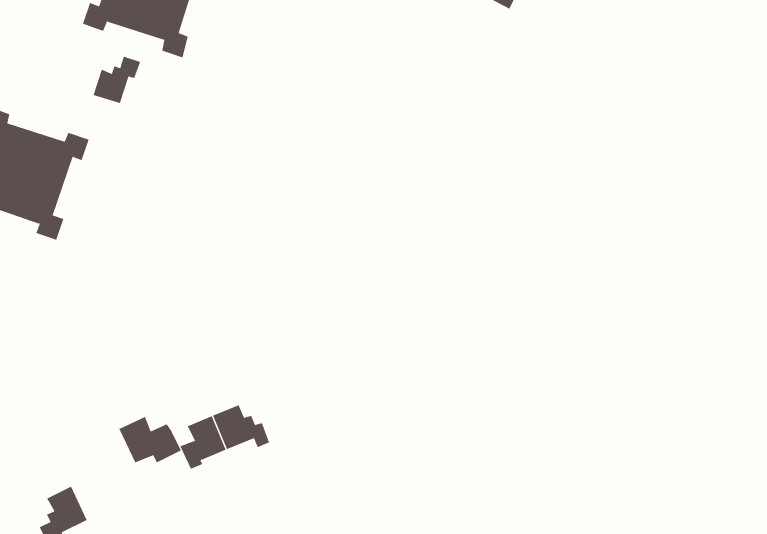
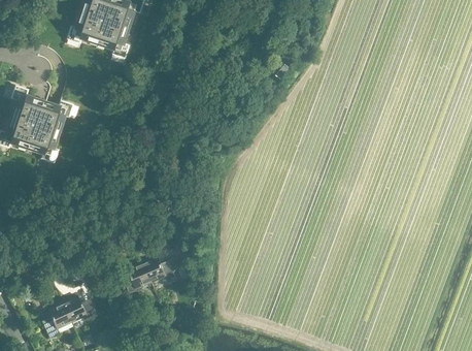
building: [93,56,141,104] -> none
building: [119,416,182,463] -> [62,294,98,321]

